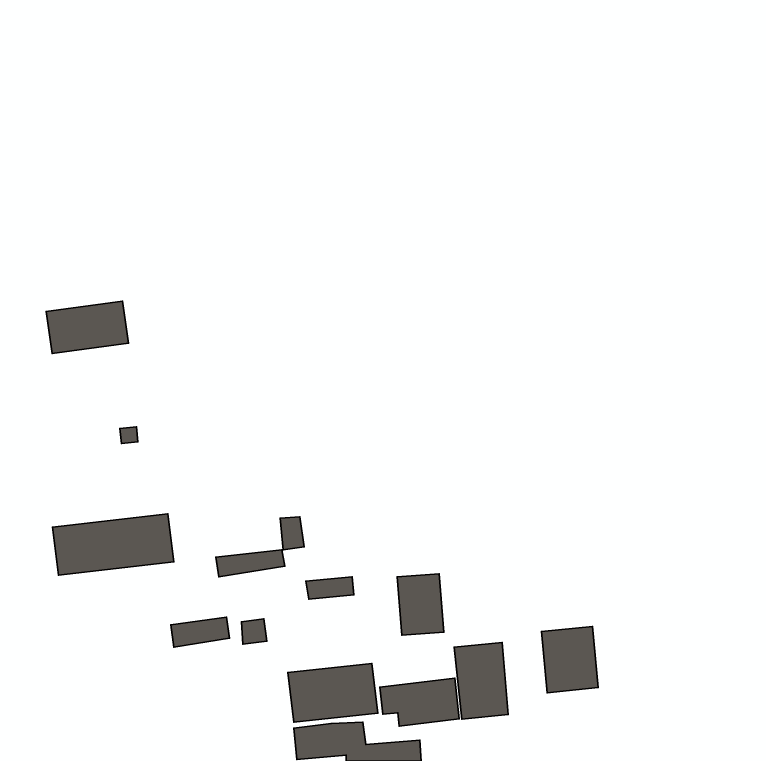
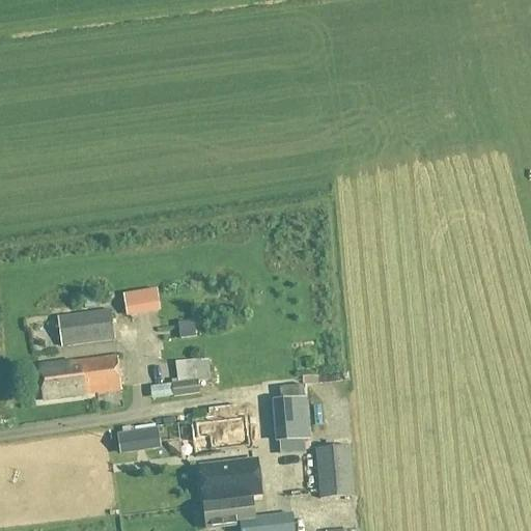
building: [46,301,129,354] -> [57,309,114,345]
building: none -> [129,286,163,310]
building: [541,626,598,693] -> none
building: [380,678,459,726] -> [193,415,248,448]

